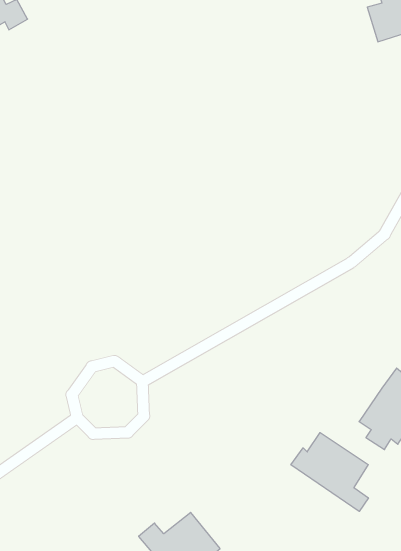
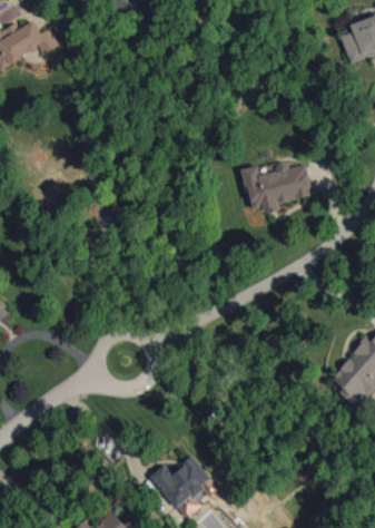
building: none -> [241,162,312,212]
building: [291,433,368,511] -> none

